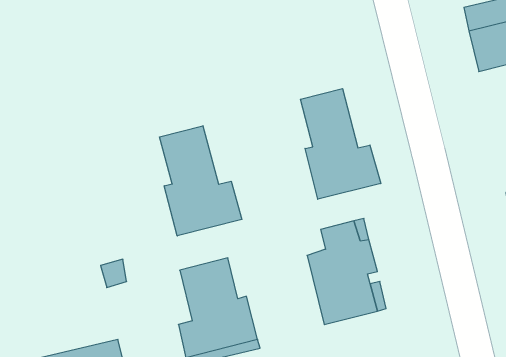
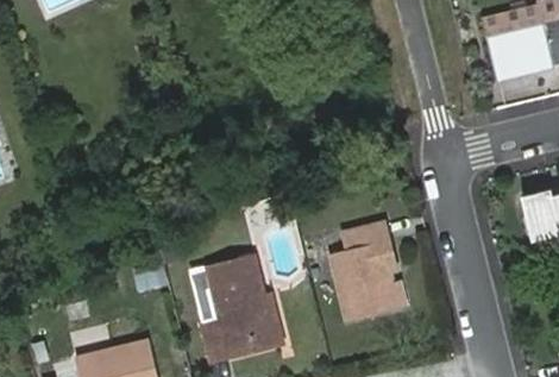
building: [300,89,381,199] -> none
building: [160,126,242,236] -> none

